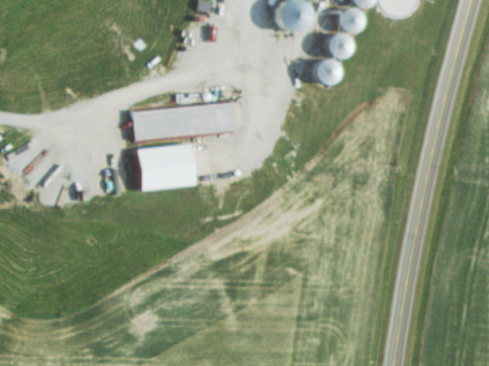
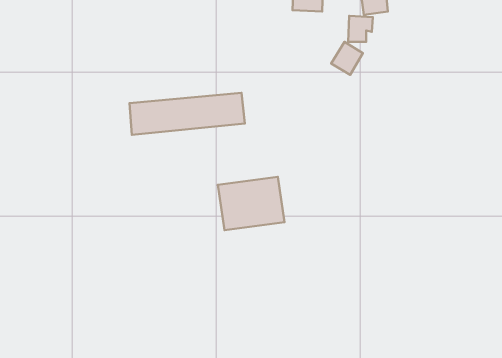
building: [137,143,197,190] -> [218,177,285,230]

